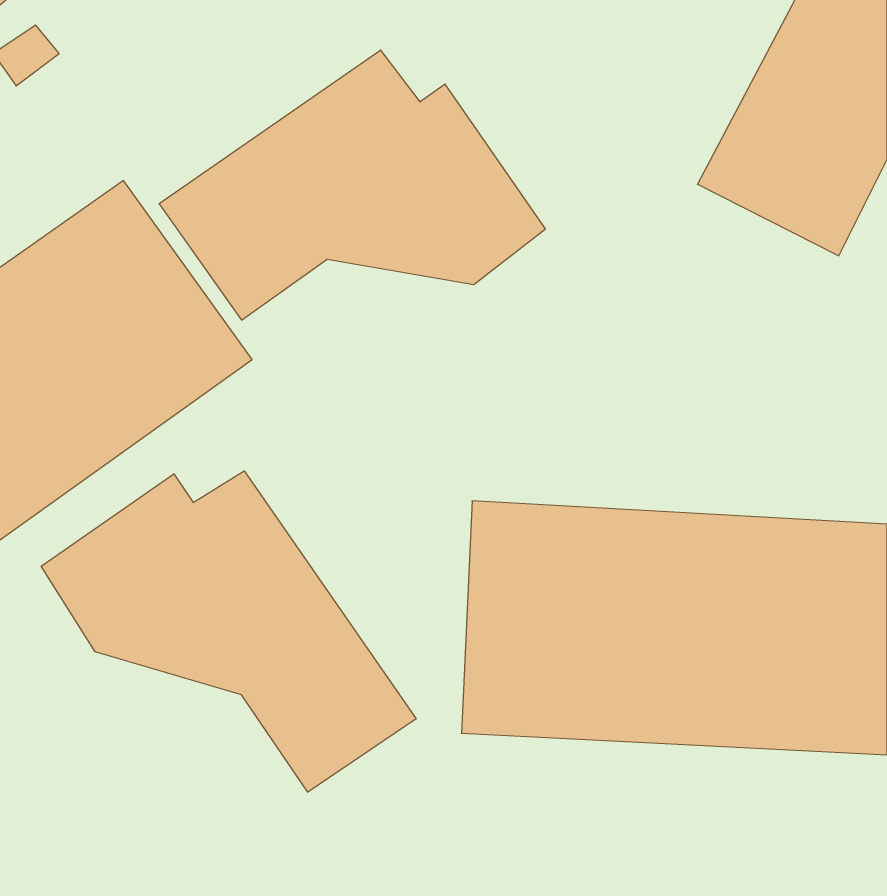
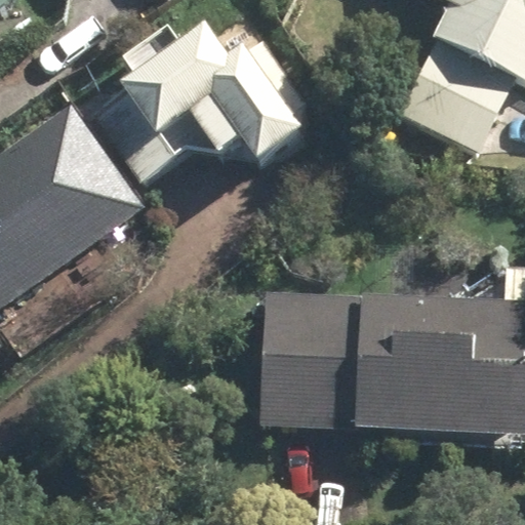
building: [41,471,416,792] -> none

